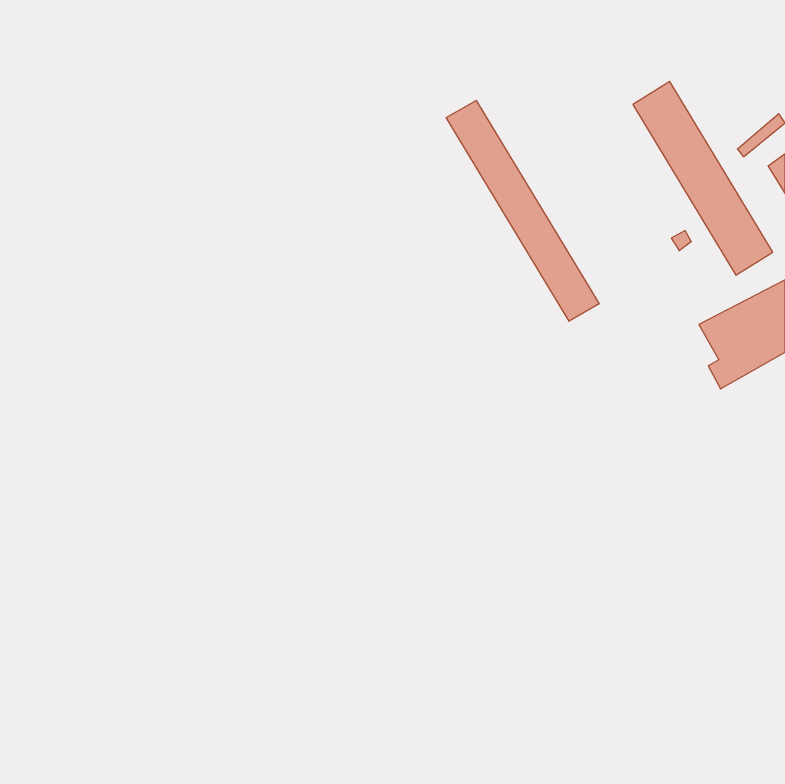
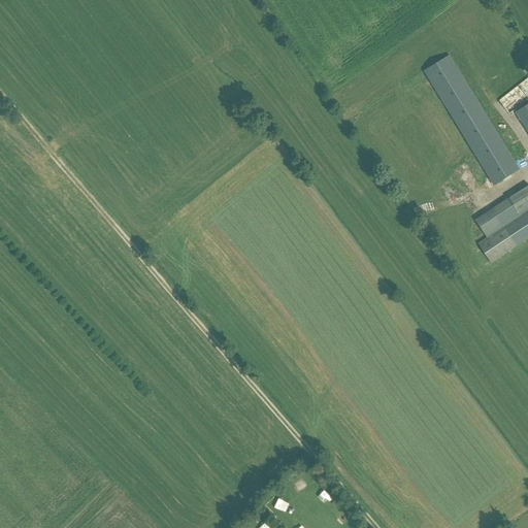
building: [446,100,599,321] -> none

